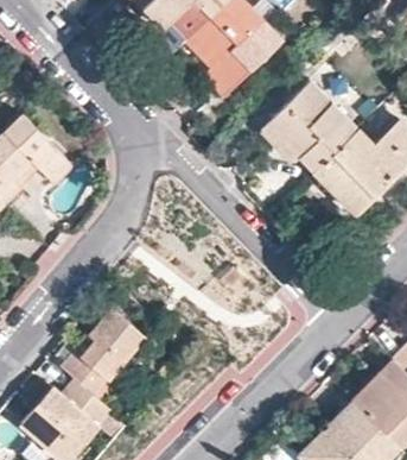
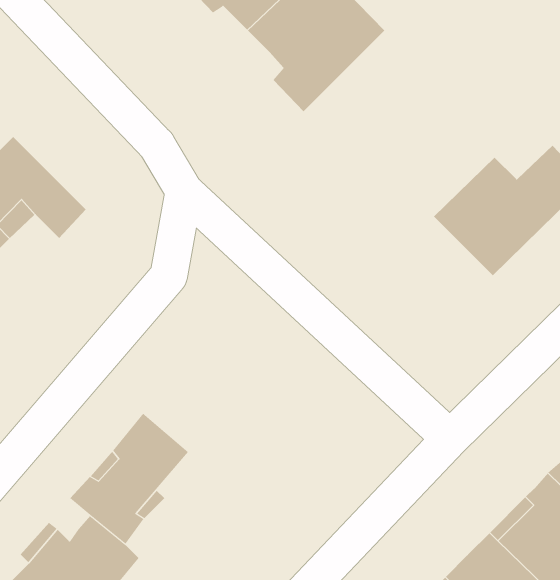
building: [268,81,358,172] -> none

